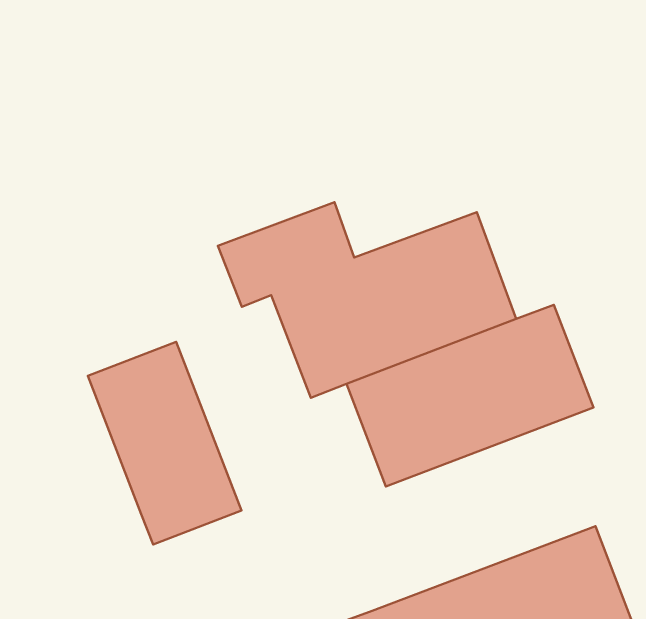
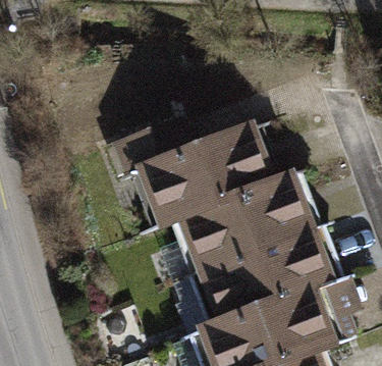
building: [88,342,242,544] -> none
building: none -> [181,230,336,335]

